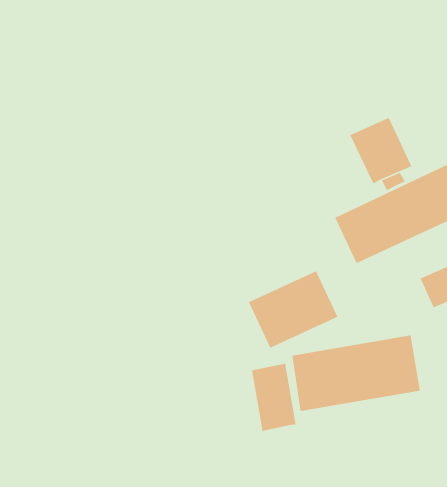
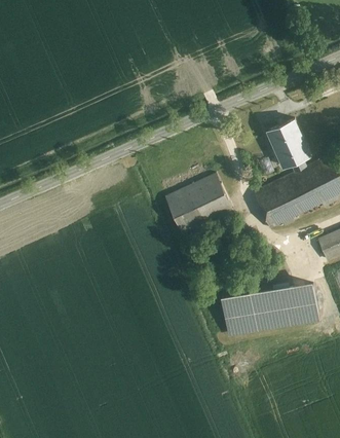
building: [248,270,339,349] -> [165,174,233,232]
building: [251,363,296,432] -> none

